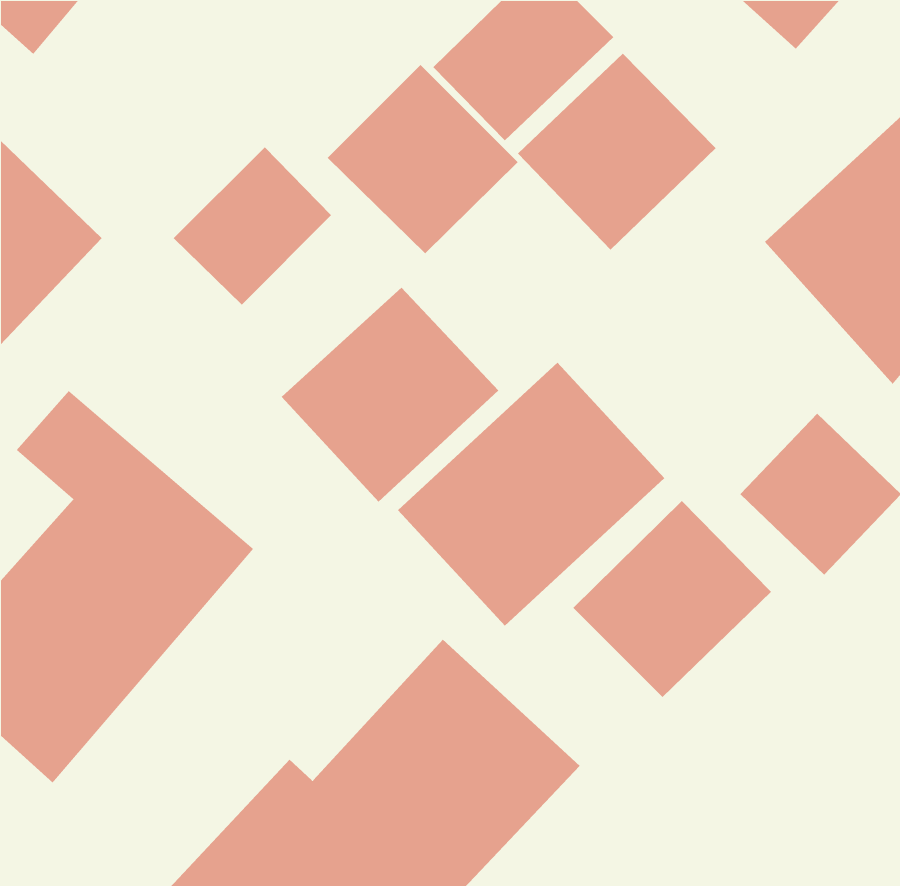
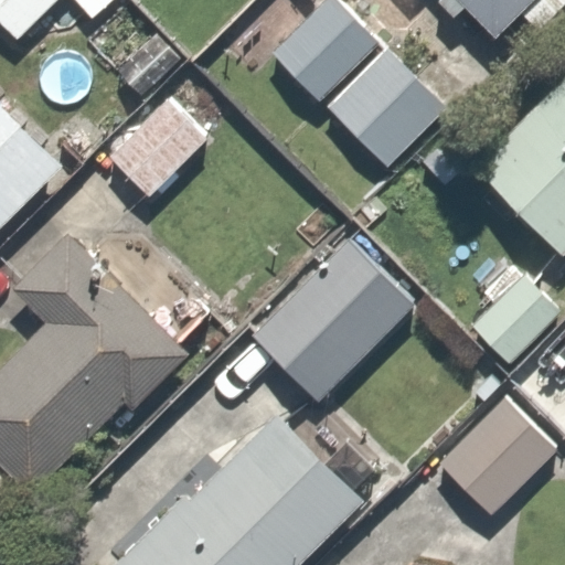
building: [327,64,518,254] -> none
building: [281,287,499,503] -> none
building: [573,500,772,698] -> [429,401,554,524]

